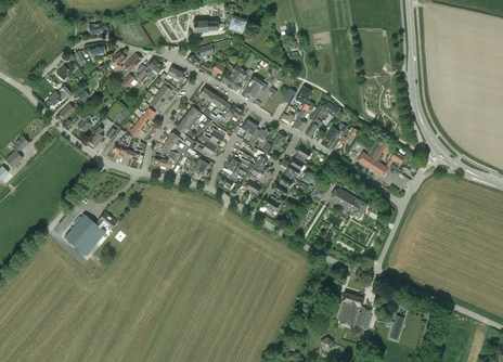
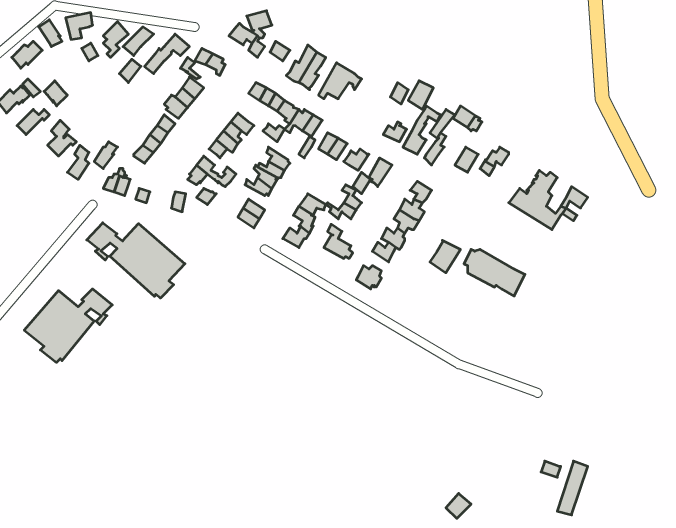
building: none -> [87,223,185,298]
building: [337,293,371,329] -> none

